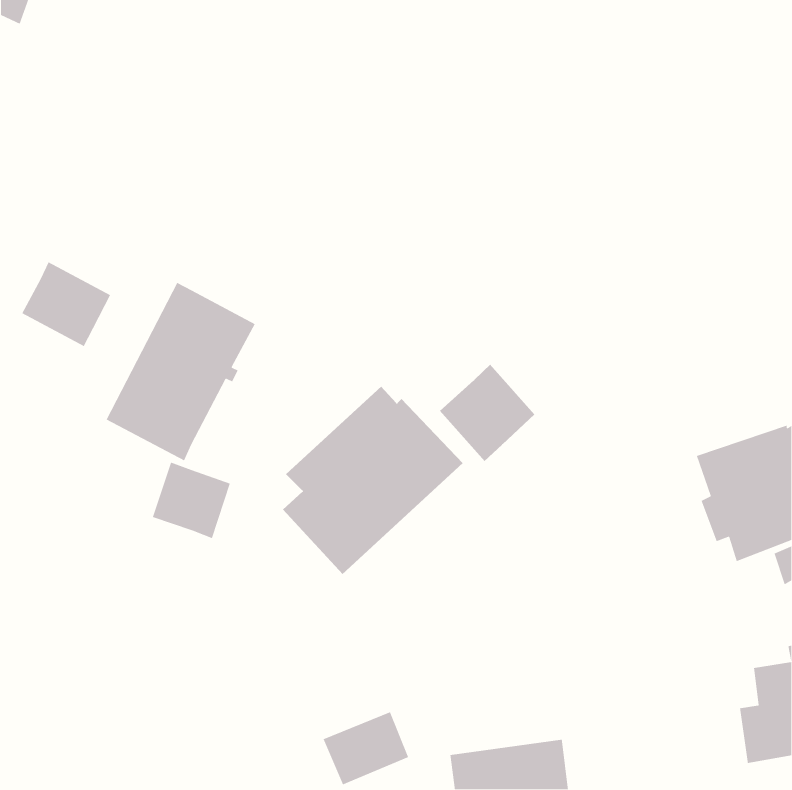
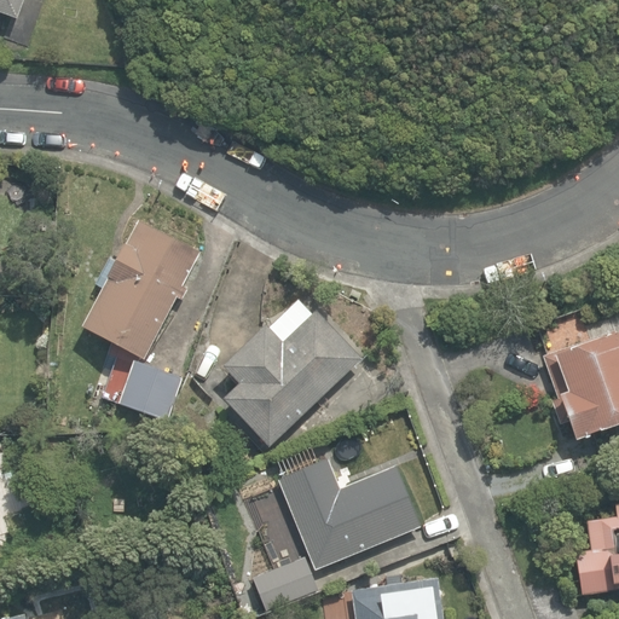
building: [21,261,111,347] -> none
building: [439,364,535,462] -> none
building: none -> [278,457,420,568]

